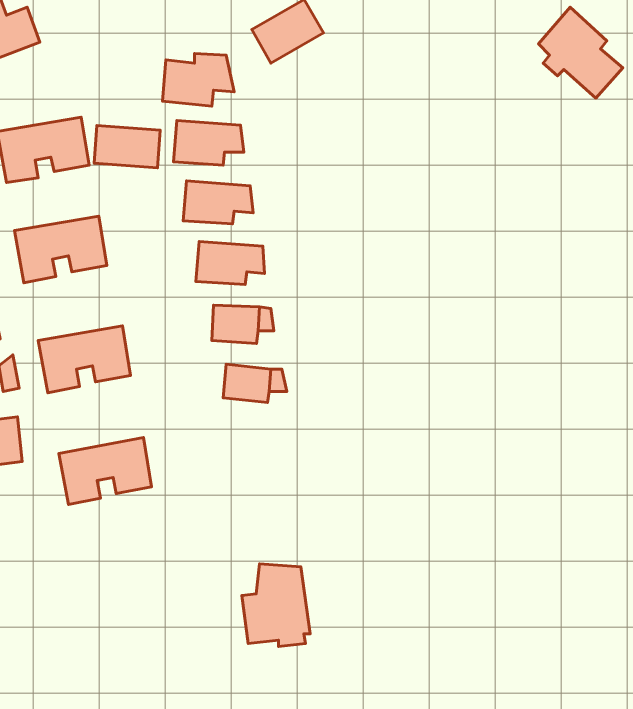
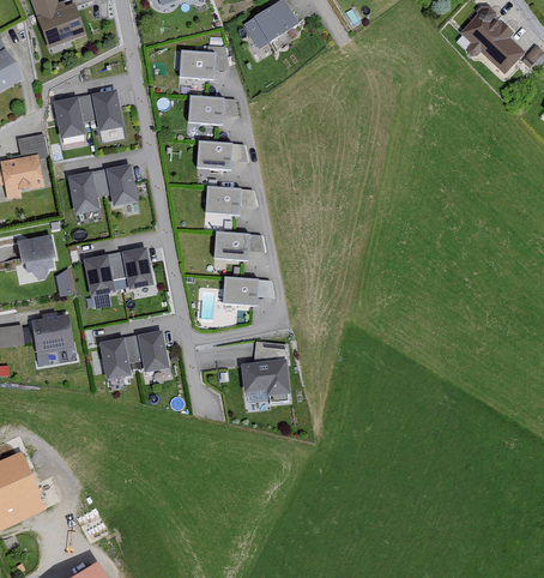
building: [94,125,160,168] -> none
building: [242,564,310,647] -> [242,342,294,404]

